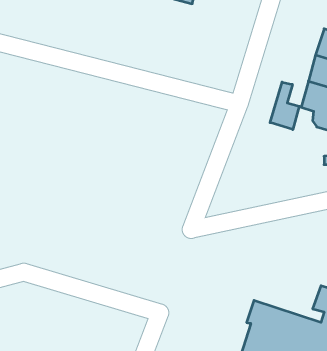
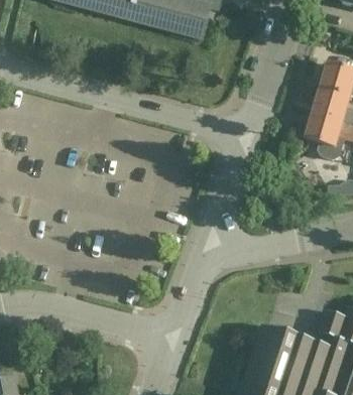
building: [270,82,299,130] -> none

